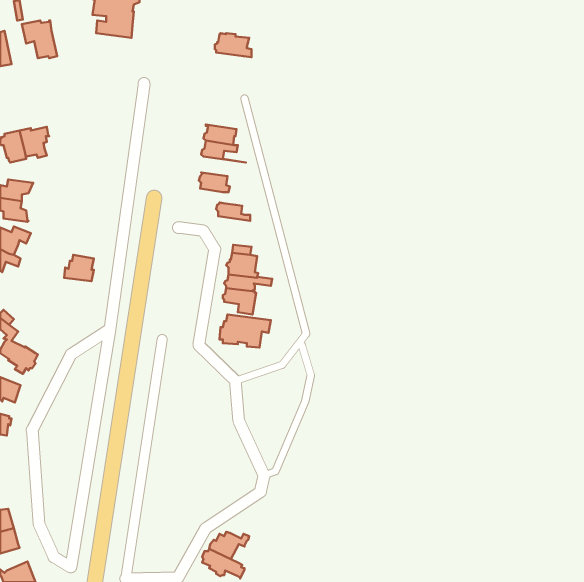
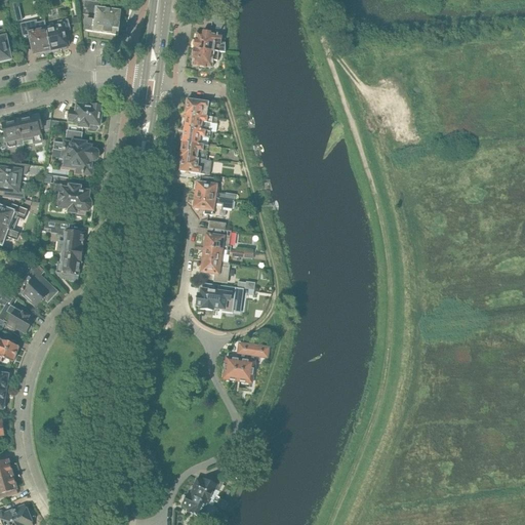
building: none -> [46,17,71,50]
building: none -> [192,47,218,67]
building: none -> [184,97,217,116]
building: none -> [68,104,103,130]
building: none -> [53,130,98,174]
building: none -> [178,140,220,159]
building: none -> [51,183,91,216]
building: none -> [192,194,233,214]
building: none -> [56,249,82,279]
building: none -> [15,264,56,306]
building: none -> [224,341,262,380]

